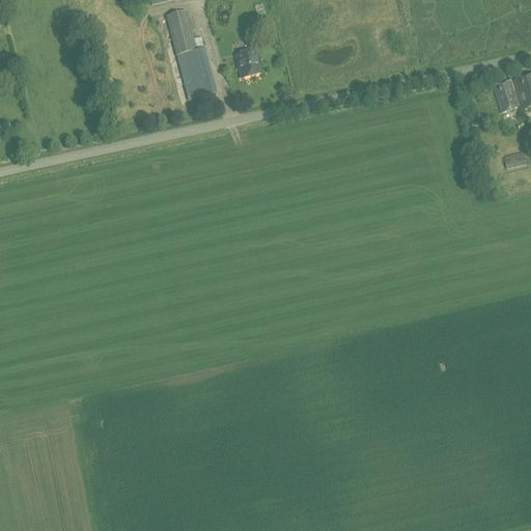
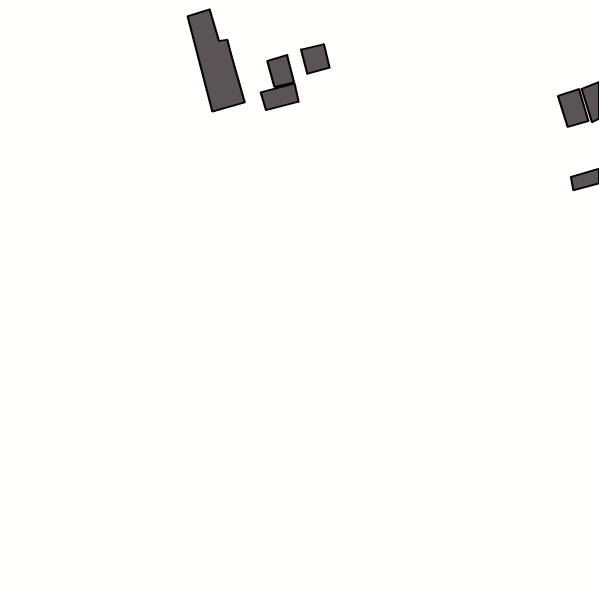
building: none -> [301,44,330,74]
building: none -> [261,84,298,110]

